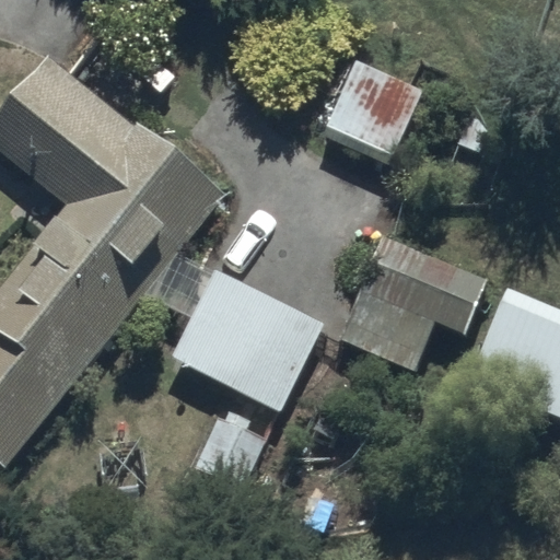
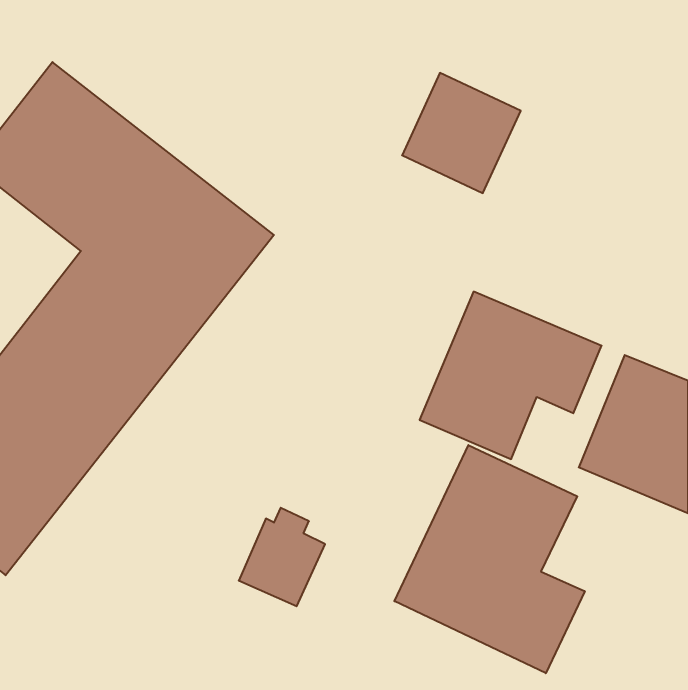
building: [172,269,324,410] -> none
building: none -> [394,445,585,673]

